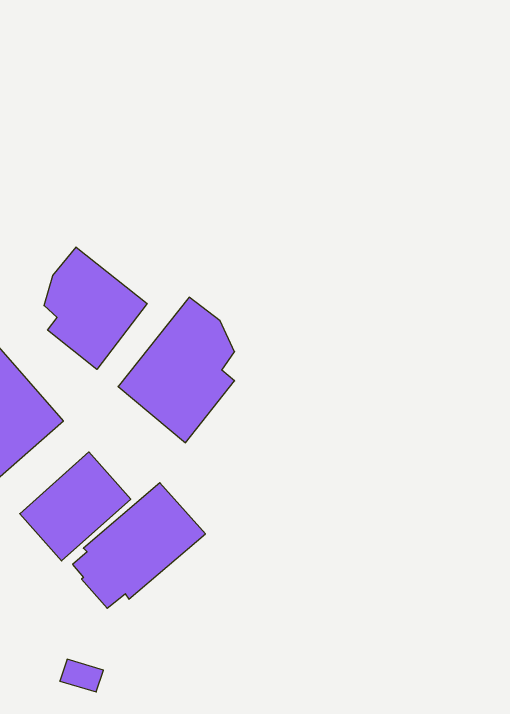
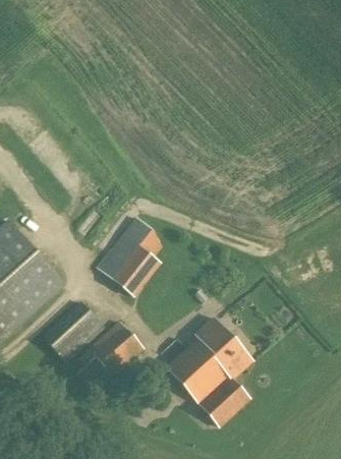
building: [44,247,147,369] -> none
building: none -> [167,317,253,426]

